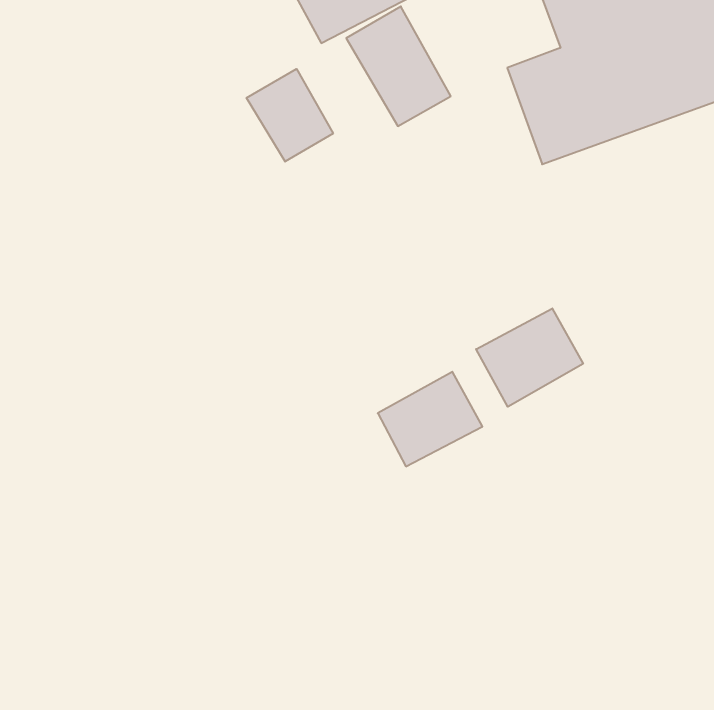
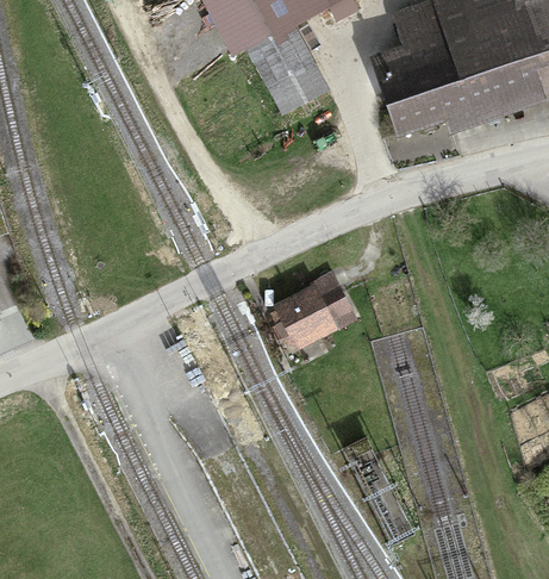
building: [247,69,333,162] -> none
building: [476,308,583,407] -> none

